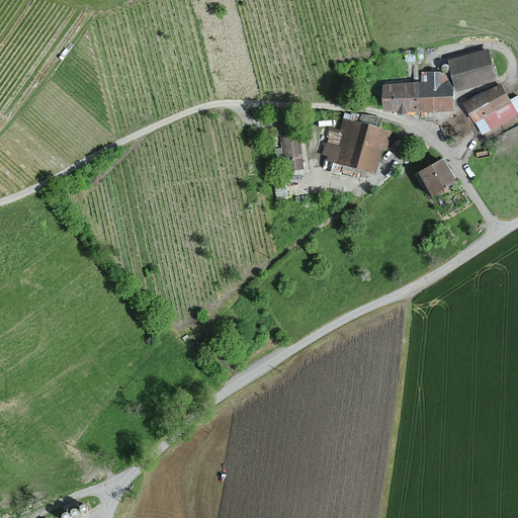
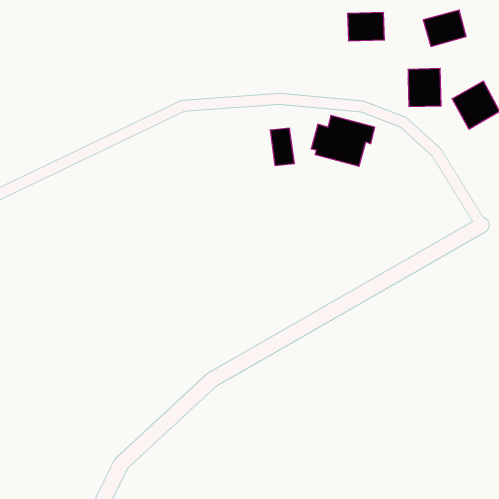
building: [452,51,497,88] -> [423,10,466,46]
building: [384,82,423,111] -> [347,13,385,41]
building: [416,160,451,195] -> none

